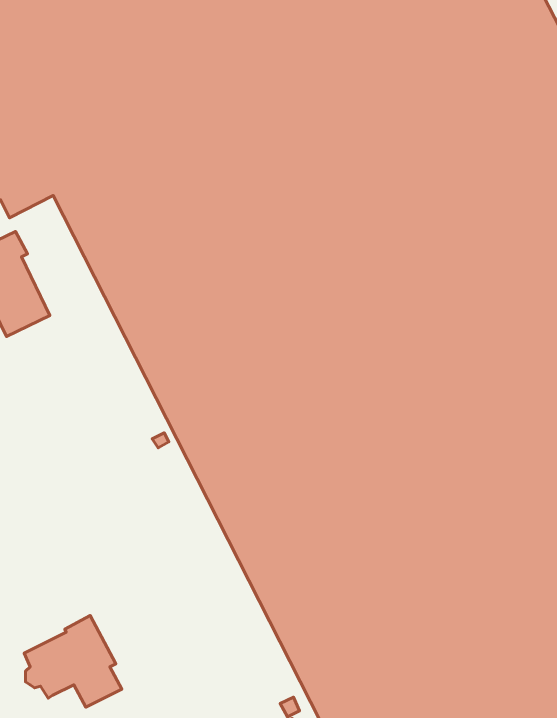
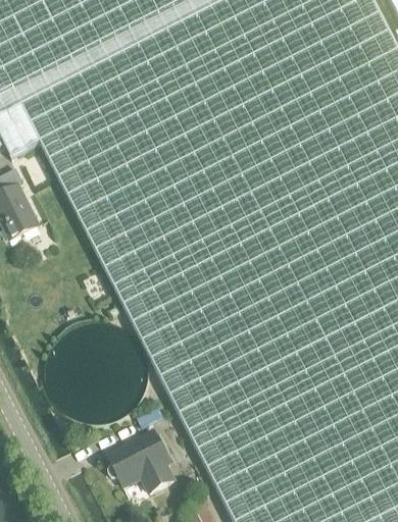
building: [24,616,122,707] -> [111,432,178,494]

